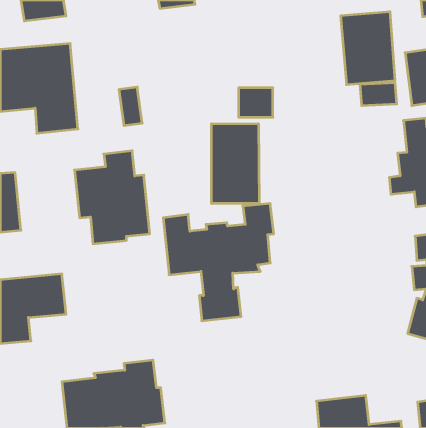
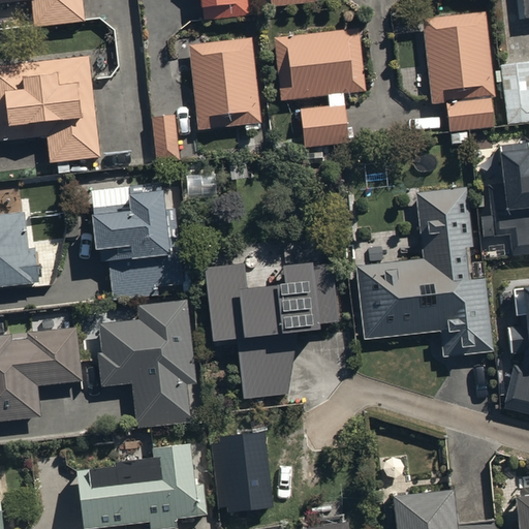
building: none -> [272,29,355,96]
building: none -> [191,39,255,127]
building: [212,124,259,204] -> none
building: none -> [362,191,488,357]
building: none -> [99,306,196,426]
building: none -> [213,431,276,511]

